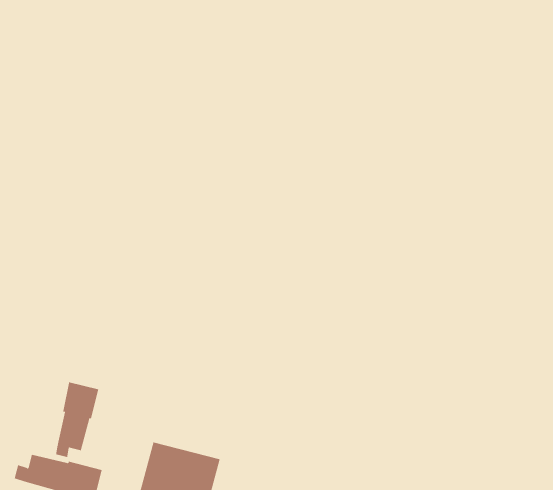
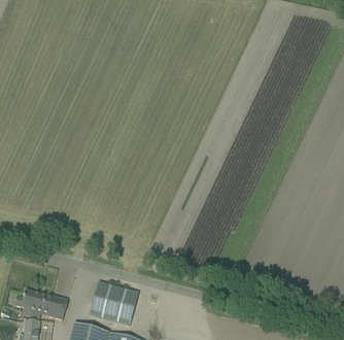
building: [56,381,99,458] -> none

